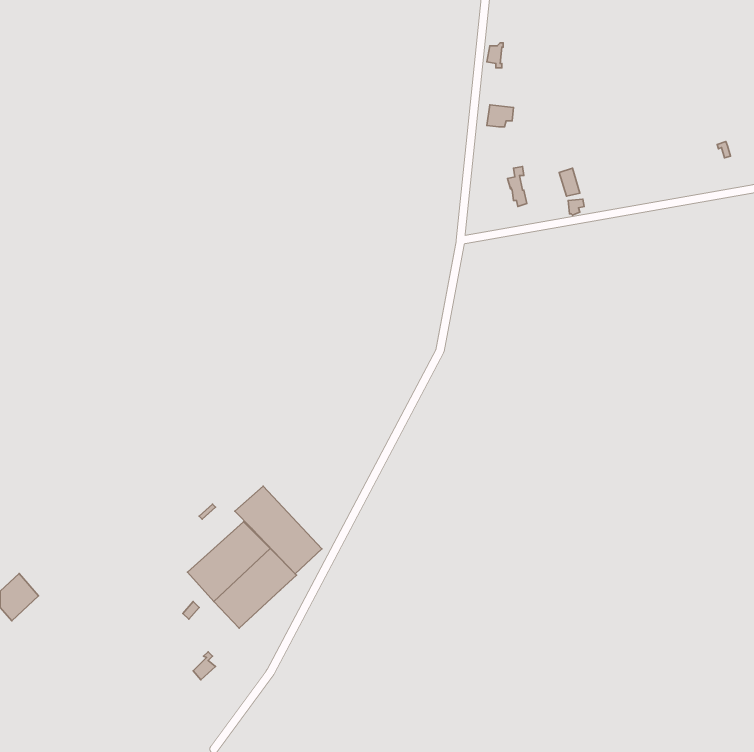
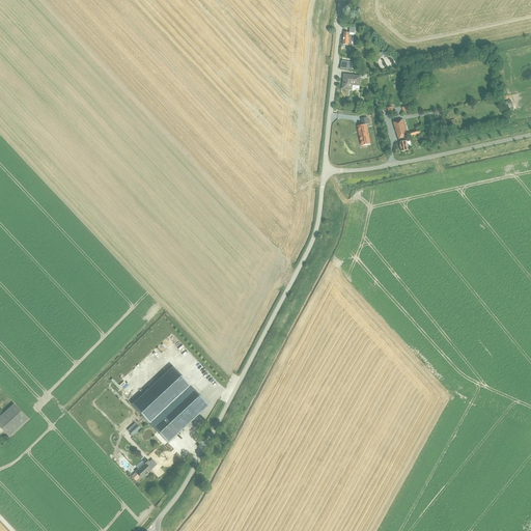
building: [235,486,322,574] -> none

